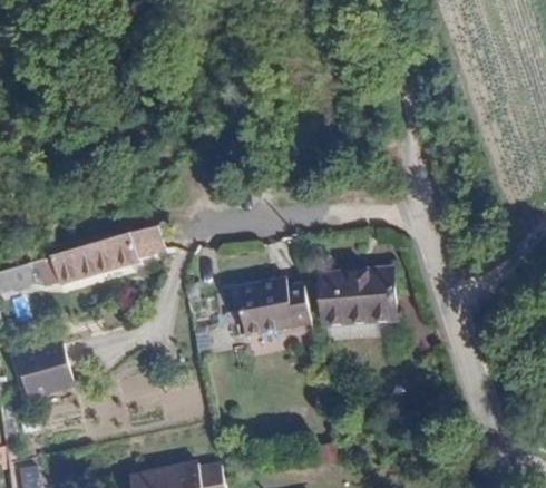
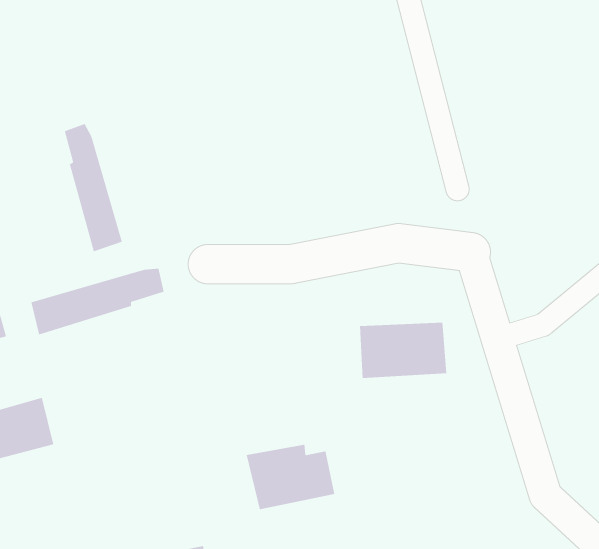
building: none -> [64,123,123,252]
building: [235,280,311,335] -> [246,444,335,510]

